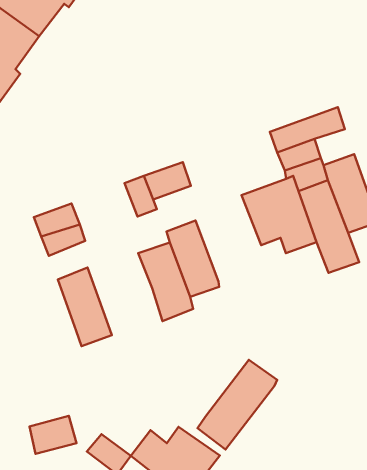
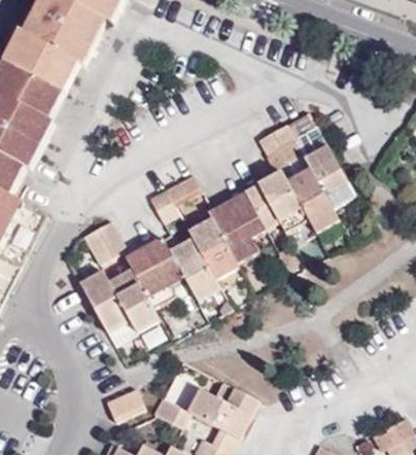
building: none -> [205,191,264,262]
building: none -> [124,236,183,307]
building: none -> [78,269,129,334]
building: [198,360,277,450] -> none

